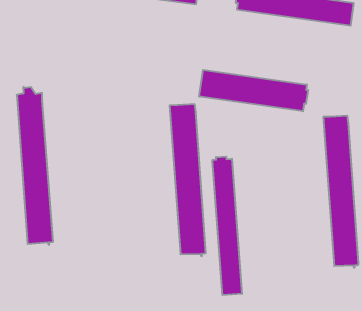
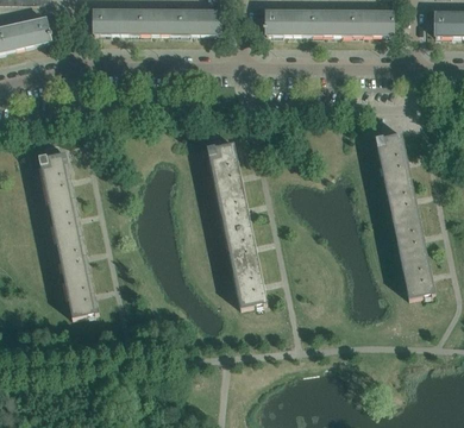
building: [199,70,308,111] -> none
building: [213,157,242,295] -> none

